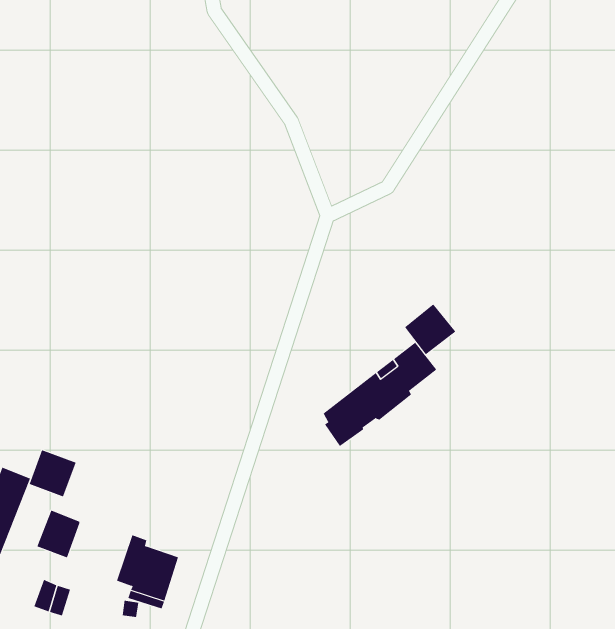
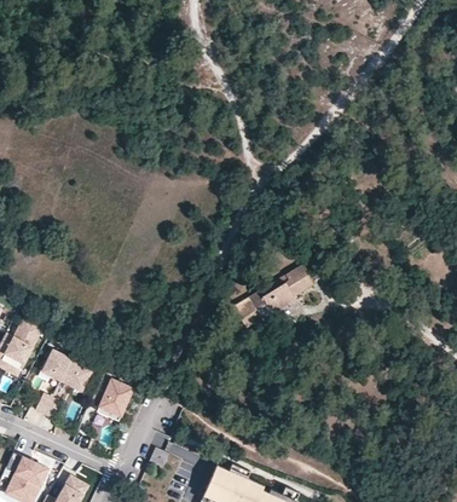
building: [405,304,456,355] -> none
building: [29,449,76,497] -> [60,359,93,392]

